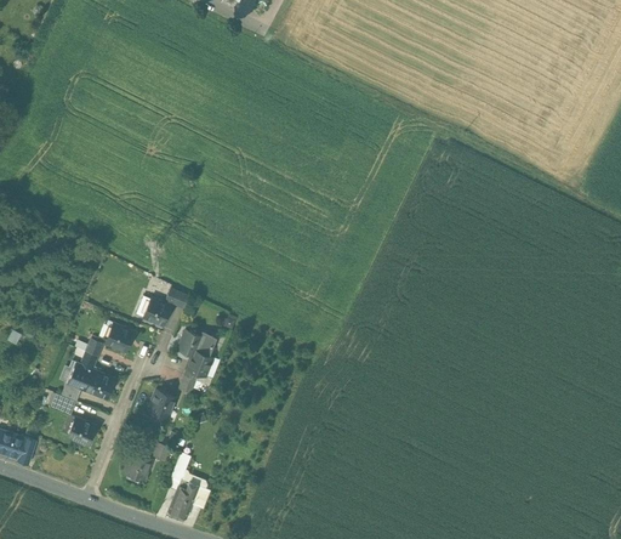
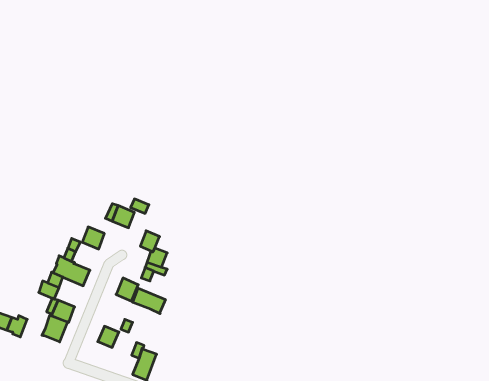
building: none -> [133,288,165,314]
building: none -> [42,315,67,342]

